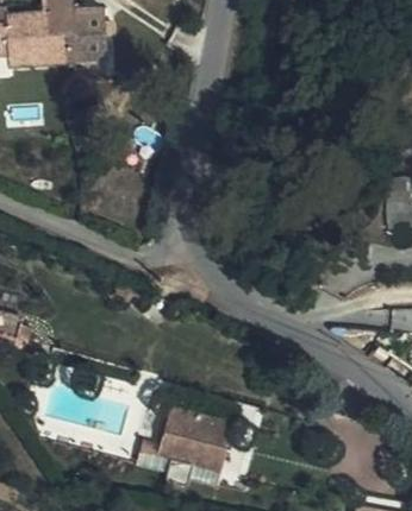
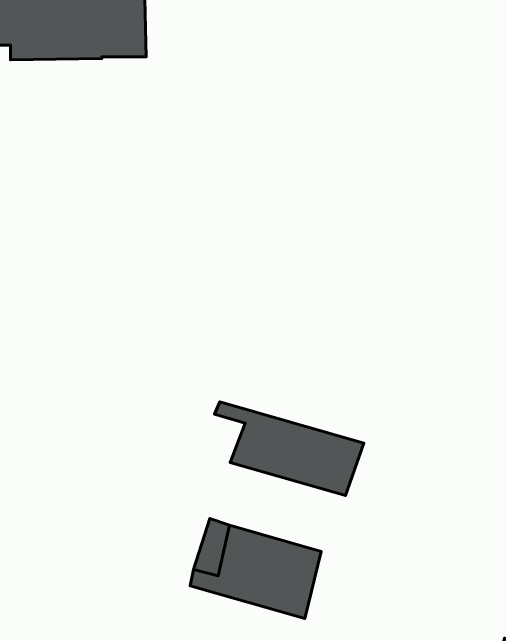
building: none -> [214,402,364,496]

